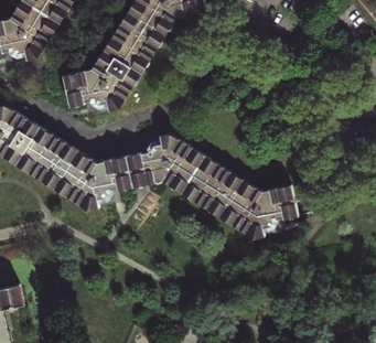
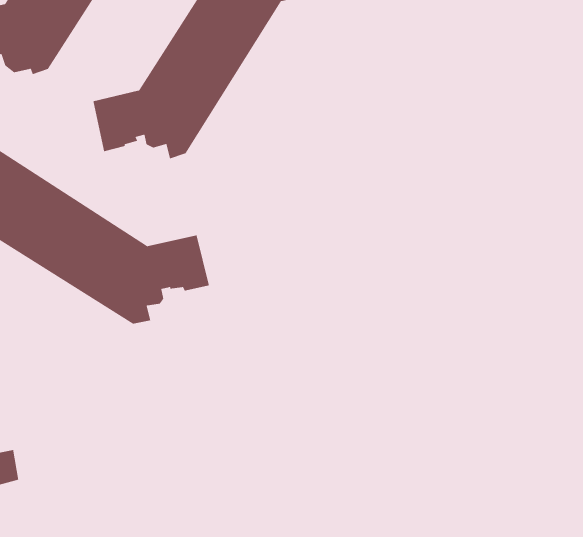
building: [127,133,299,239] -> none

